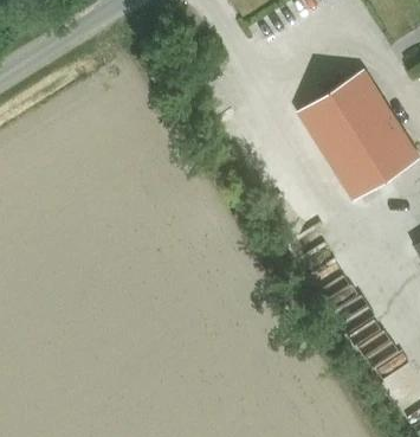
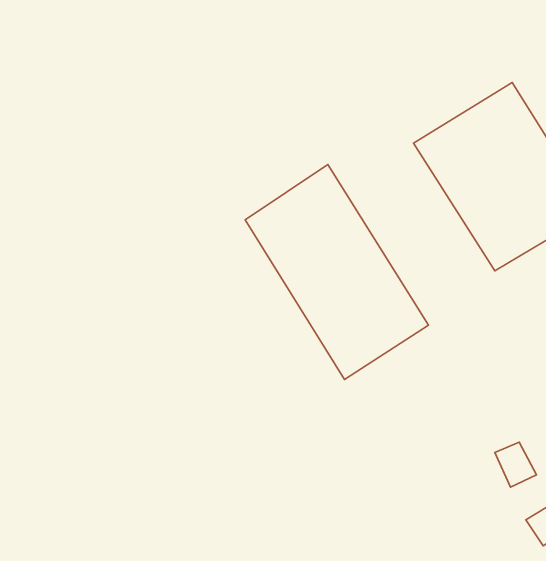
building: none -> [245,164,428,379]

